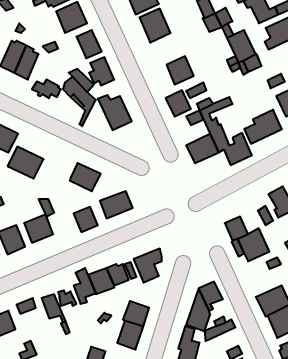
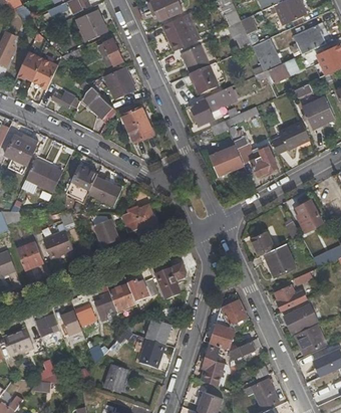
building: none -> [181,46,209,74]
building: none -> [71,165,98,191]
building: none -> [275,284,306,309]

